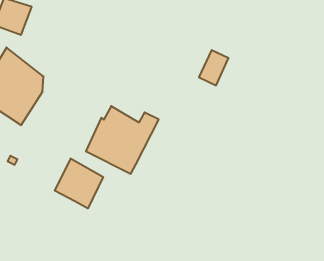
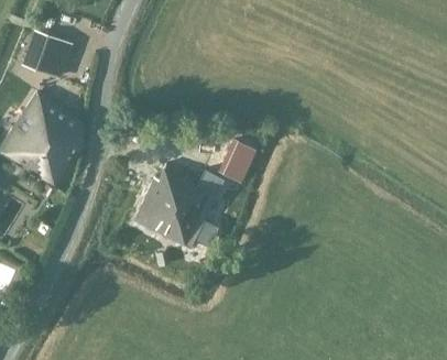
building: [199,50,229,85] -> [218,138,254,181]
building: [55,158,103,208] -> none

